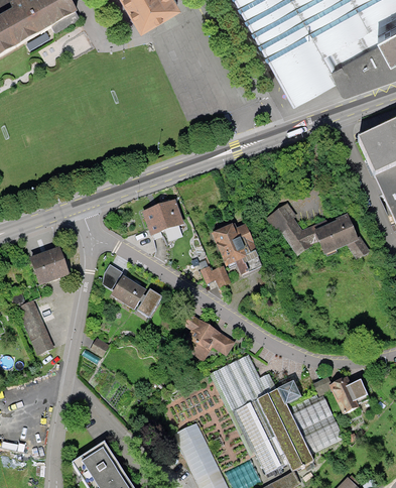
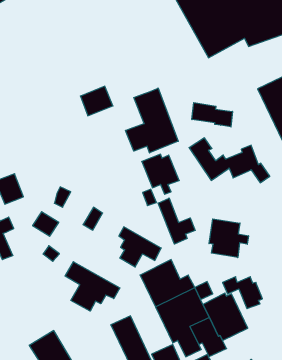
building: none -> [126,88,178,153]
building: none -> [192,103,232,127]
building: [144,202,184,238] -> [80,86,113,116]
building: none -> [158,198,195,244]
building: [112,278,144,309] -> [33,212,59,236]
building: none -> [209,219,248,258]
building: none -> [65,262,120,311]

